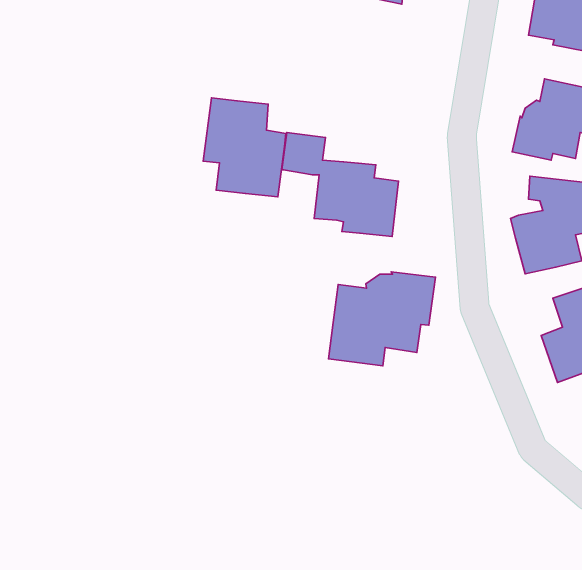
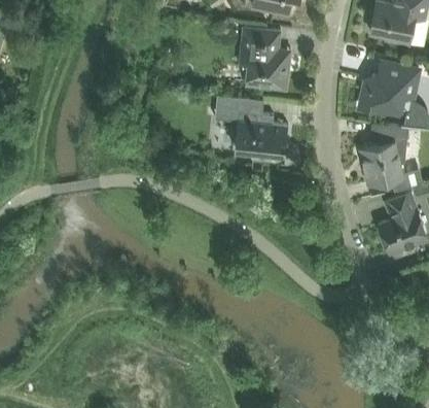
building: [203,98,286,197] -> [239,27,291,90]
building: [328,272,436,366] -> none

